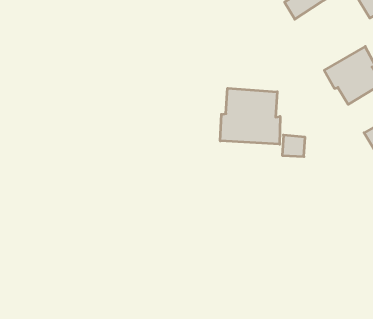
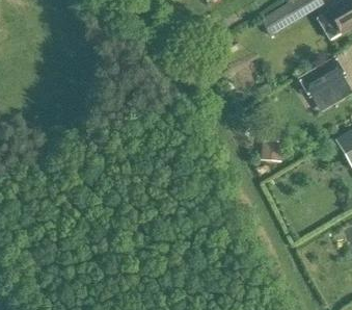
building: [220,88,280,144] -> none

